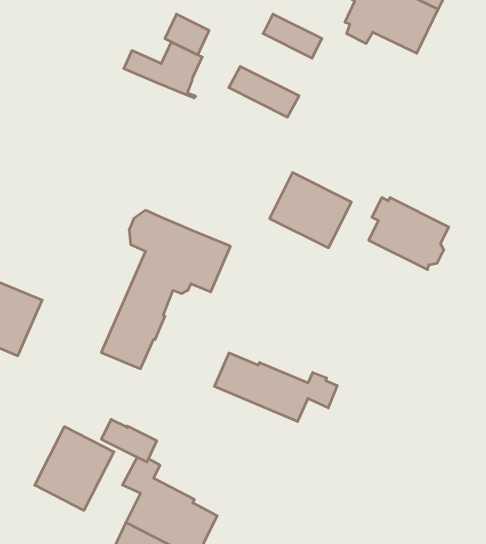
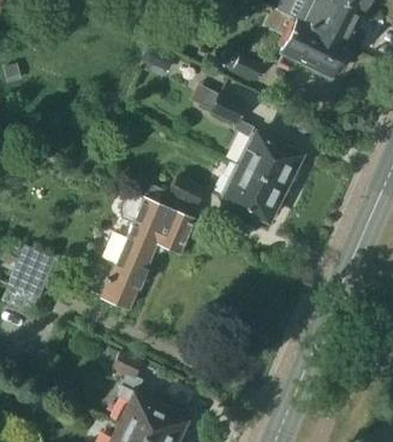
building: [124,42,202,98] -> [142,178,200,219]
building: [369,198,449,270] -> [239,134,298,187]
building: [214,353,337,422] -> none
building: [35,427,114,510] -> none

